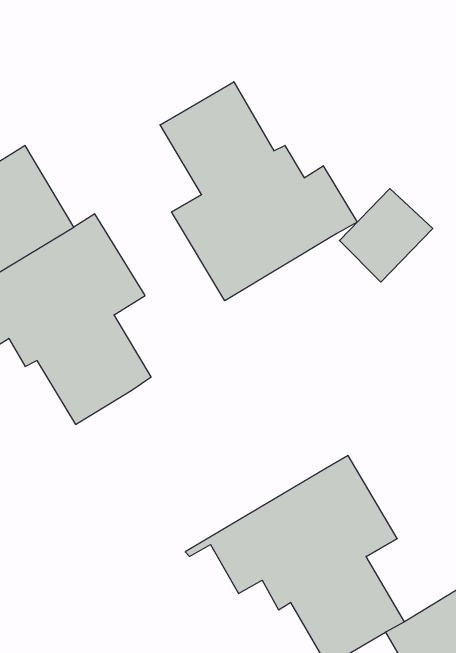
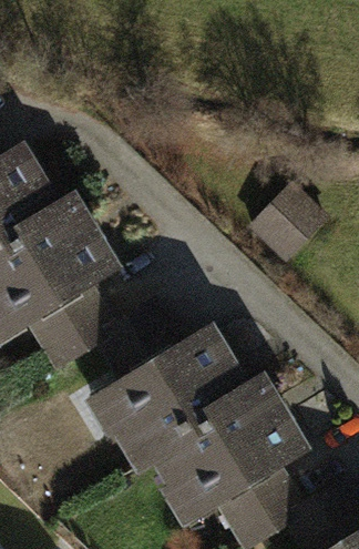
building: [160,82,357,301] -> none
building: none -> [100,303,246,458]

